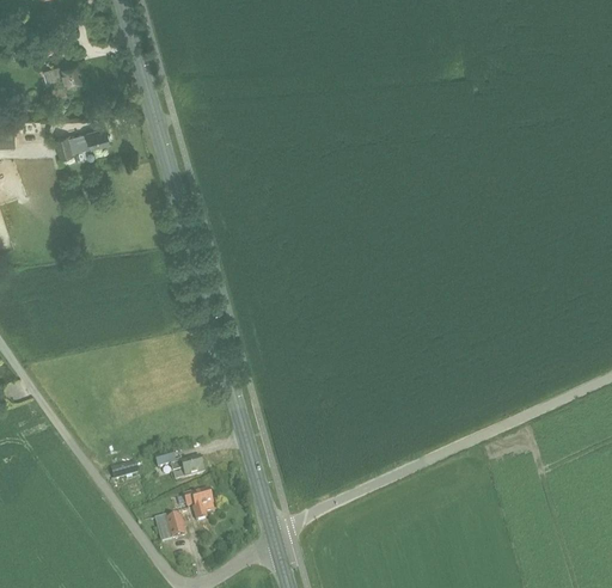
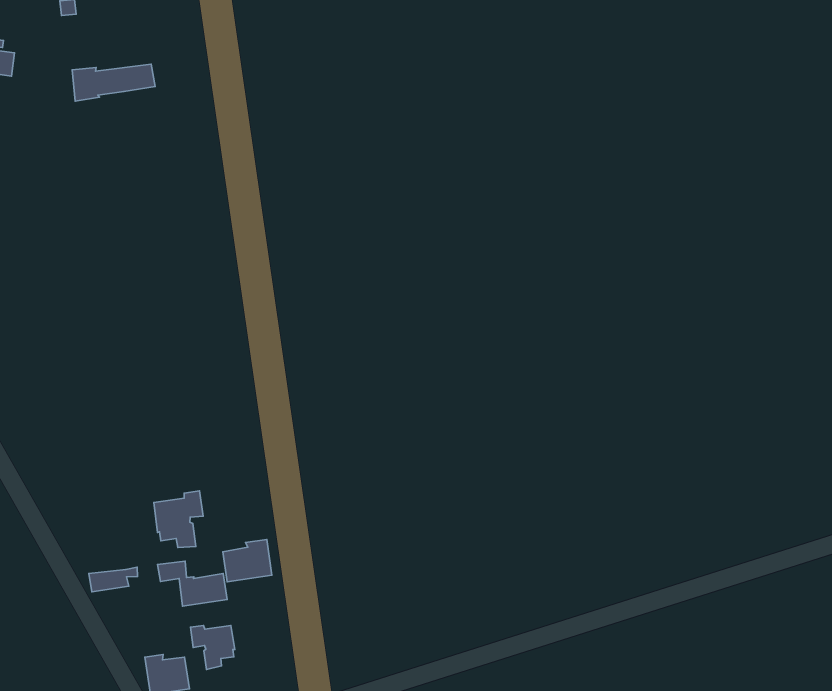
building: none -> [154,491,203,548]
building: none -> [223,540,272,582]

